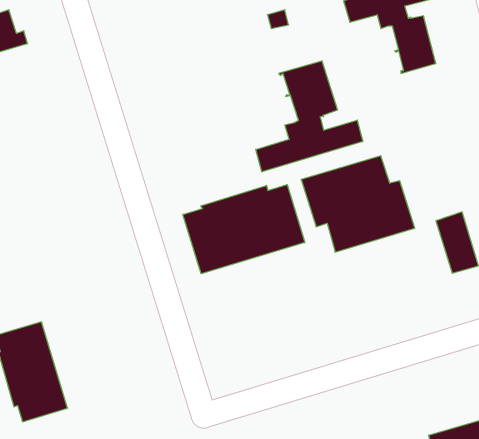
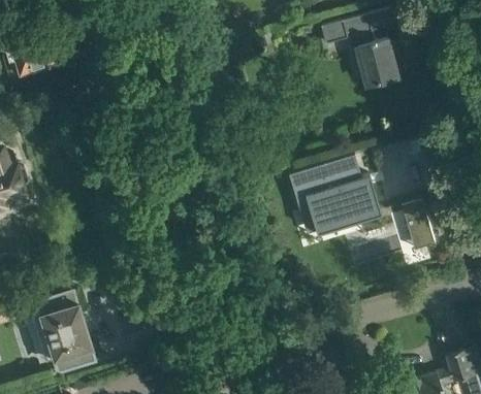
building: [256,61,363,172] -> none
building: [183,185,305,274] -> none

